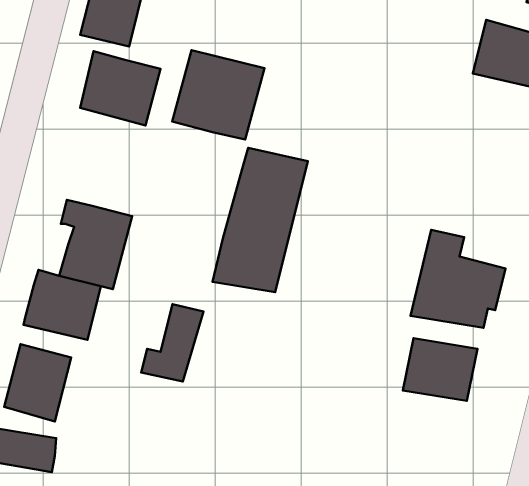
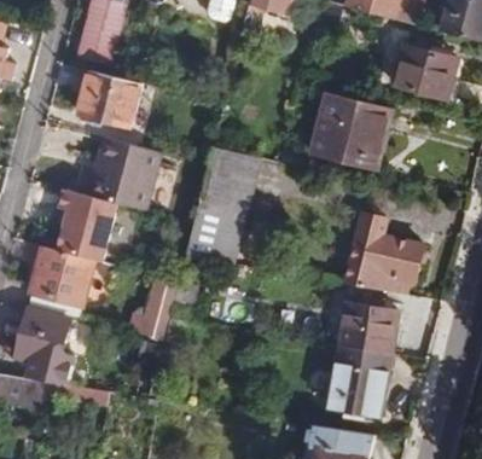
building: [172,50,265,139] -> [86,136,161,209]
building: none -> [309,92,391,164]
building: none -> [326,360,388,416]

